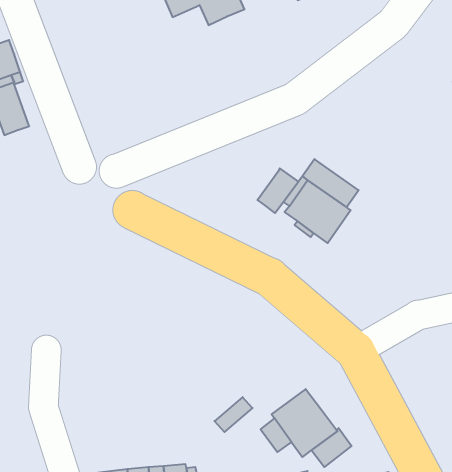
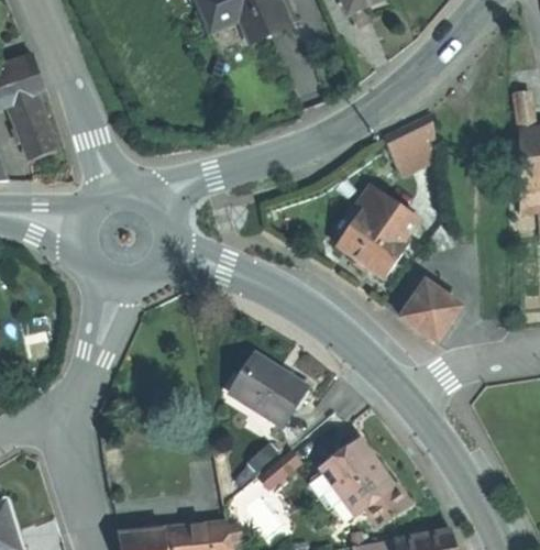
building: none -> [384,116,434,171]
building: [257,168,298,213] -> none
building: none -> [398,279,460,341]
building: none -> [230,355,304,426]

